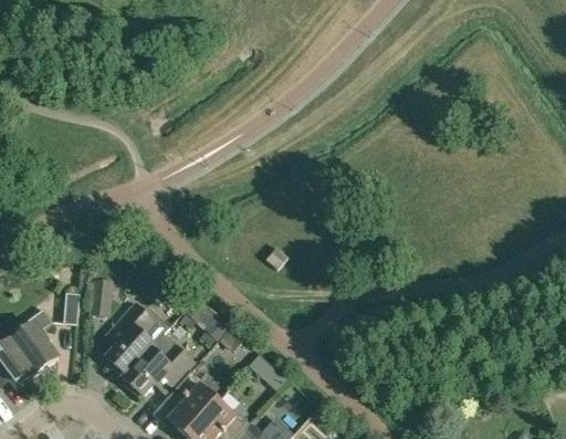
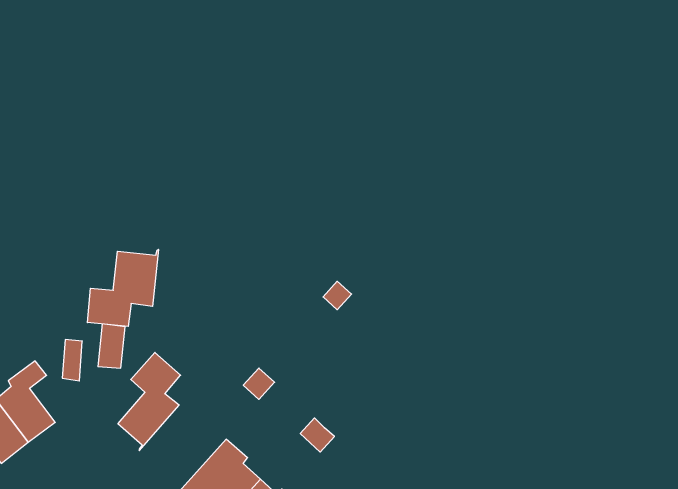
building: none -> [87,249,158,326]
building: [124,342,195,396] -> none

